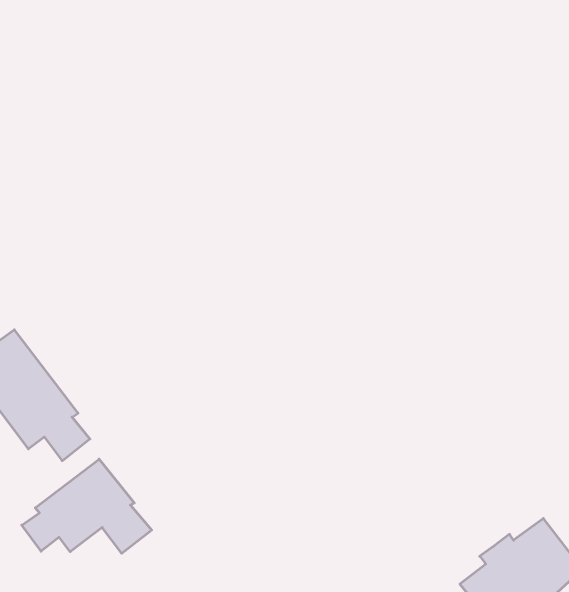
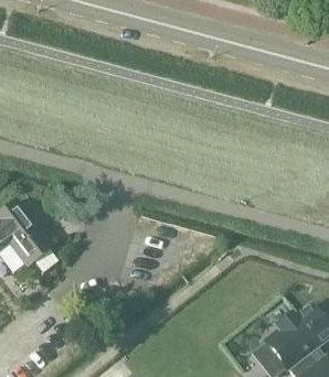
building: [22,459,152,553] -> none

